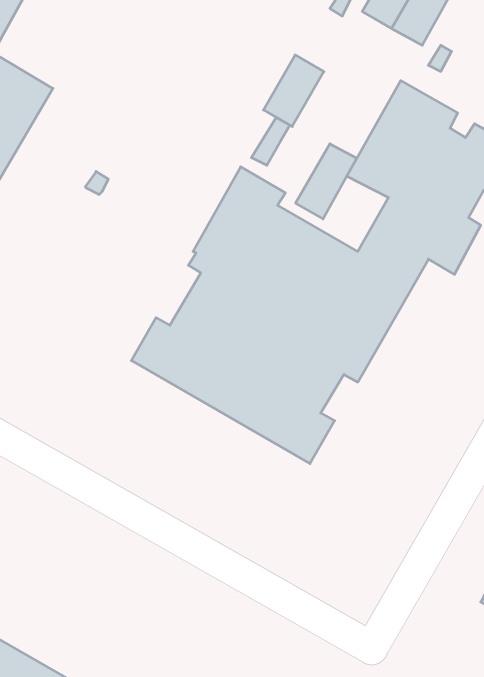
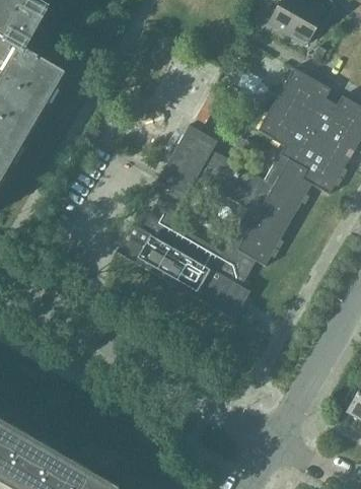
building: [263,55,324,127] -> none
building: [296,144,357,219] -> none

